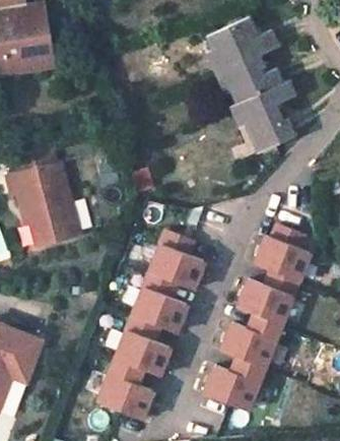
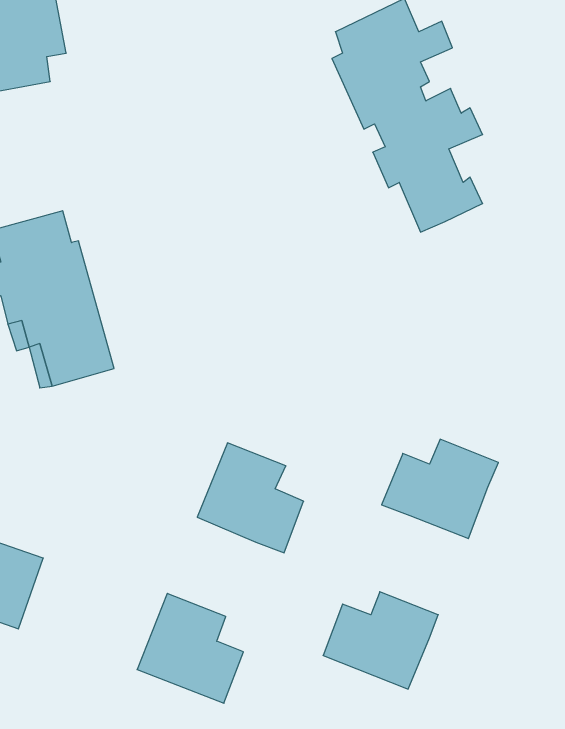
building: [252,224,313,285] -> none
building: [146,231,207,294] -> none
building: [218,315,284,372] -> none
building: [112,316,173,380] -> none

